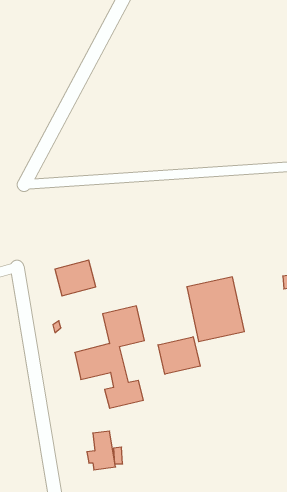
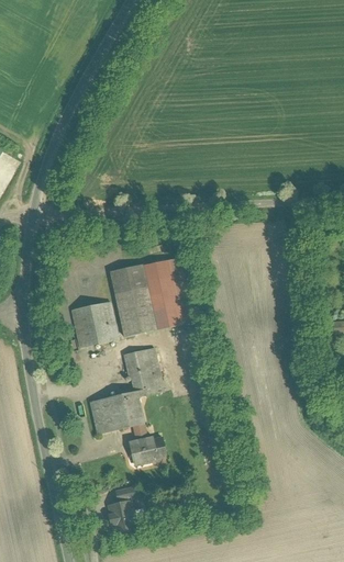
building: [187,277,244,342] -> [109,260,173,331]
building: [158,337,200,374] -> none

